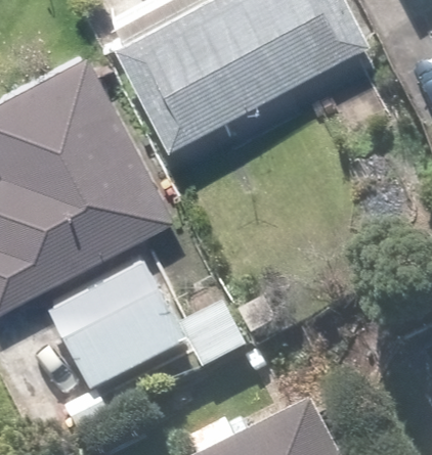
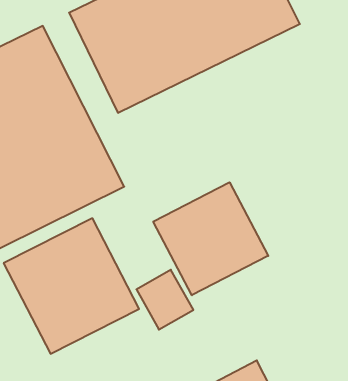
building: none -> [153,182,268,295]

